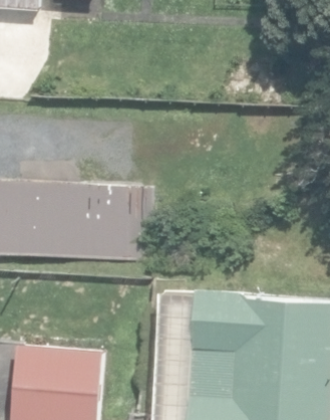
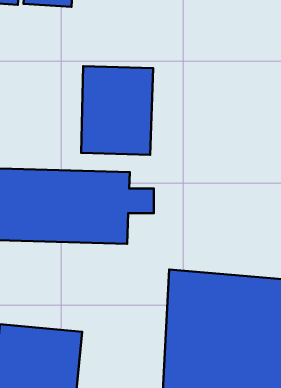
building: none -> [81,66,153,155]

